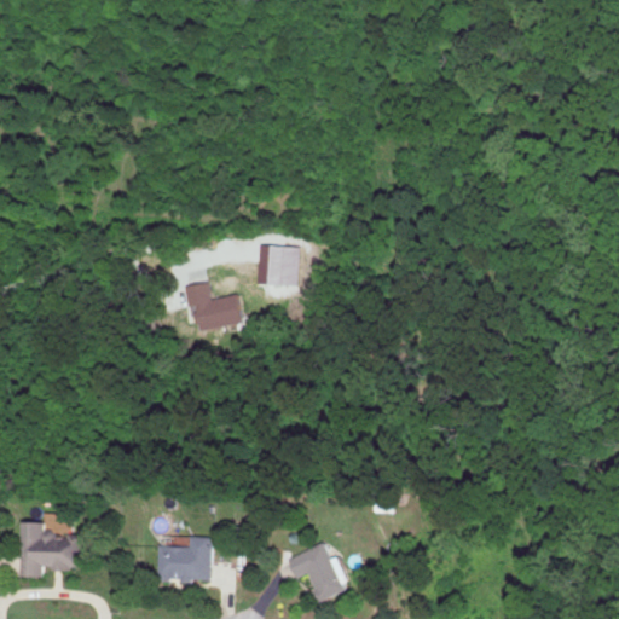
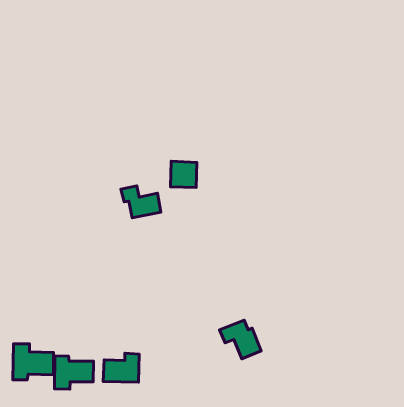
building: none -> [55,356,94,389]
building: [287,544,349,602] -> [219,320,261,359]

